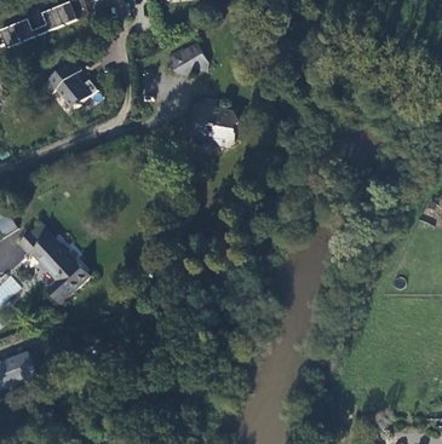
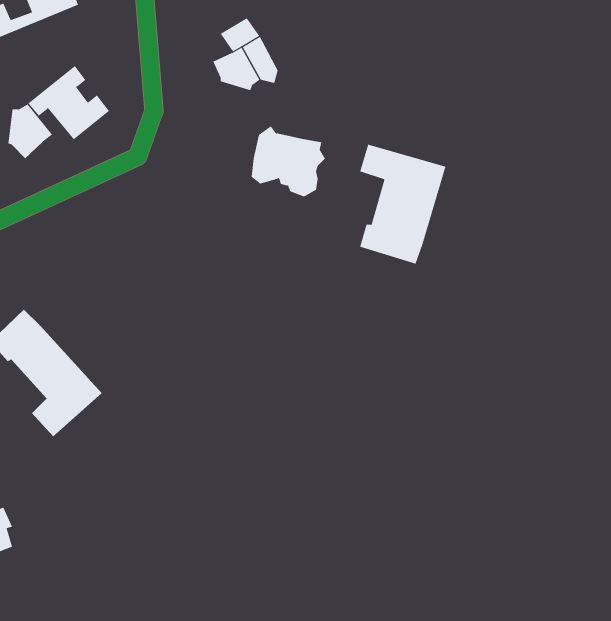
building: none -> [8,103,53,159]
building: none -> [359,144,446,265]

